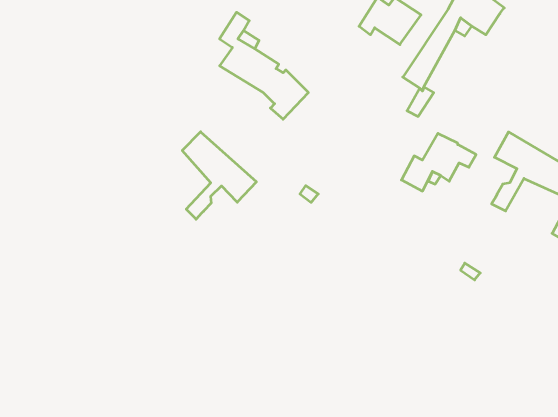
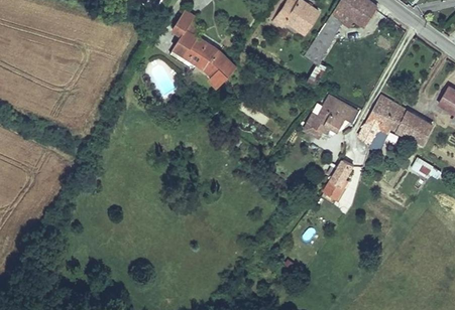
building: [182,132,256,219] -> none
building: none -> [358,114,386,140]
building: none -> [321,159,352,198]

